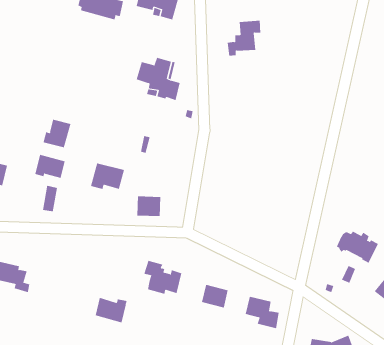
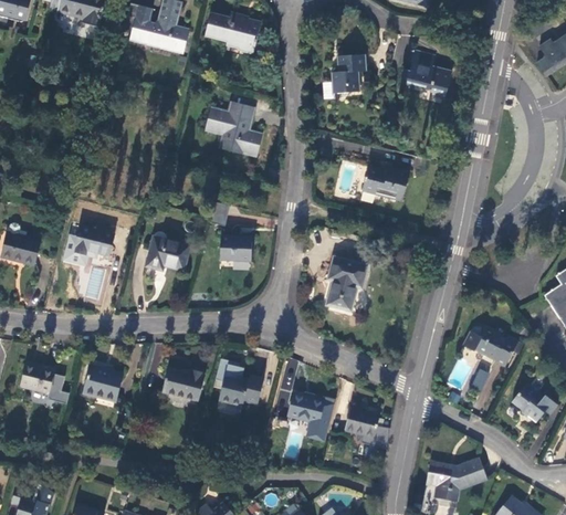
building: none -> [400,51,451,101]
building: none -> [363,167,409,200]
building: [43,119,71,148] -> none
building: none -> [327,259,366,312]
building: [136,196,161,217] -> [220,237,252,263]
building: none -> [84,367,122,401]
building: [95,297,127,323] -> [163,368,205,401]

